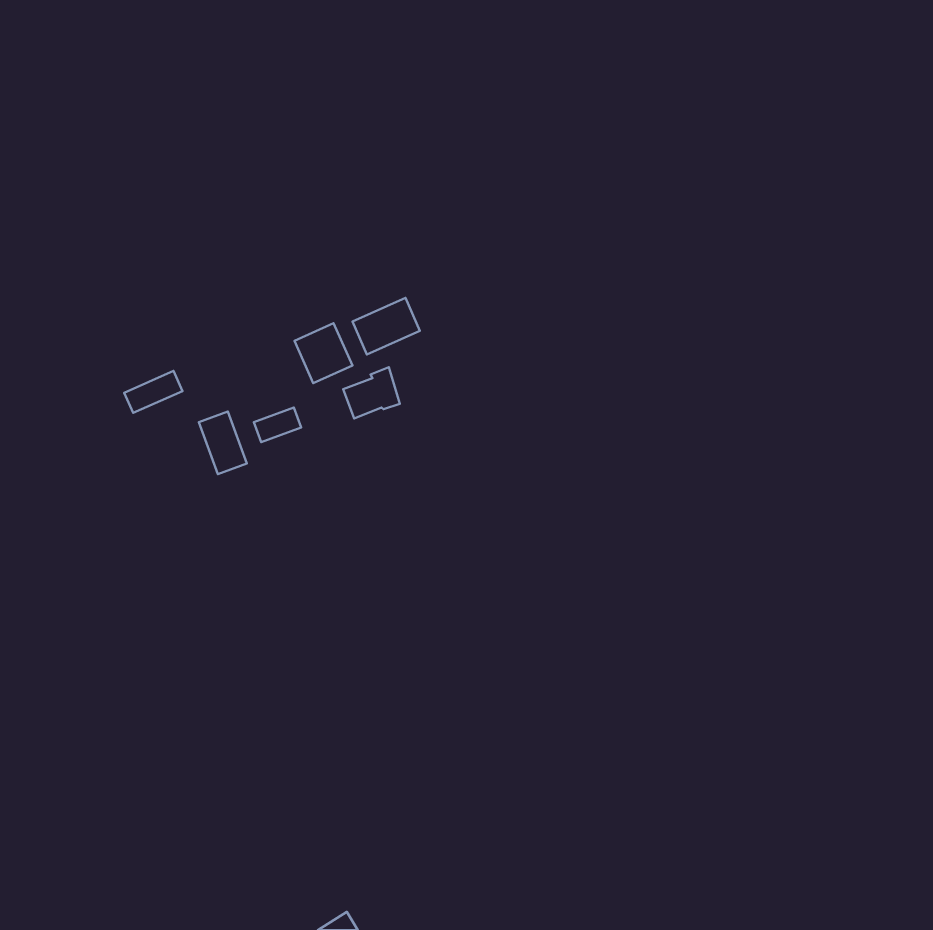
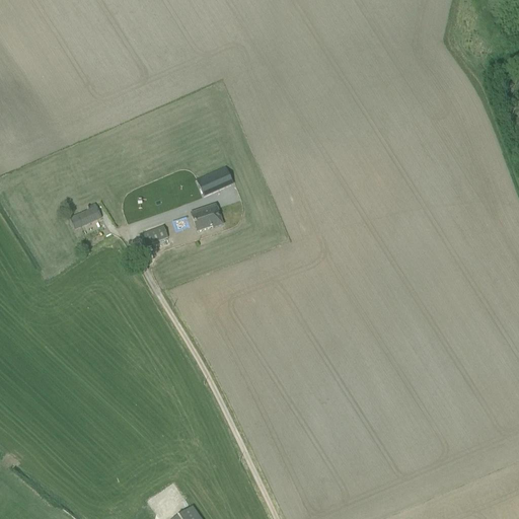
building: [294,323,353,383] -> none
building: [199,411,247,474] -> none

